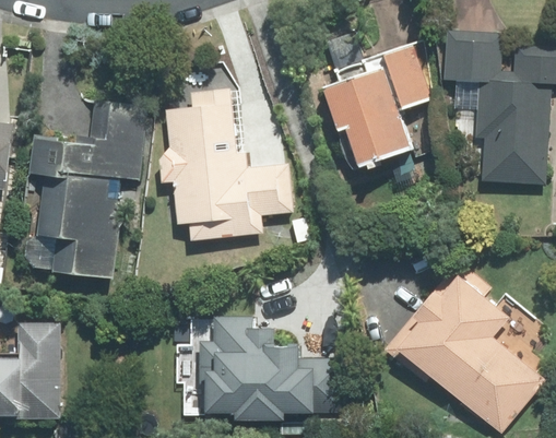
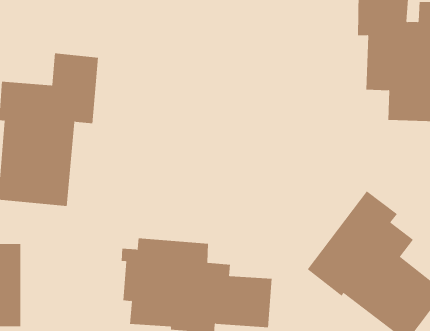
building: [321,47,430,173] -> none
building: [161,87,289,235] -> none

